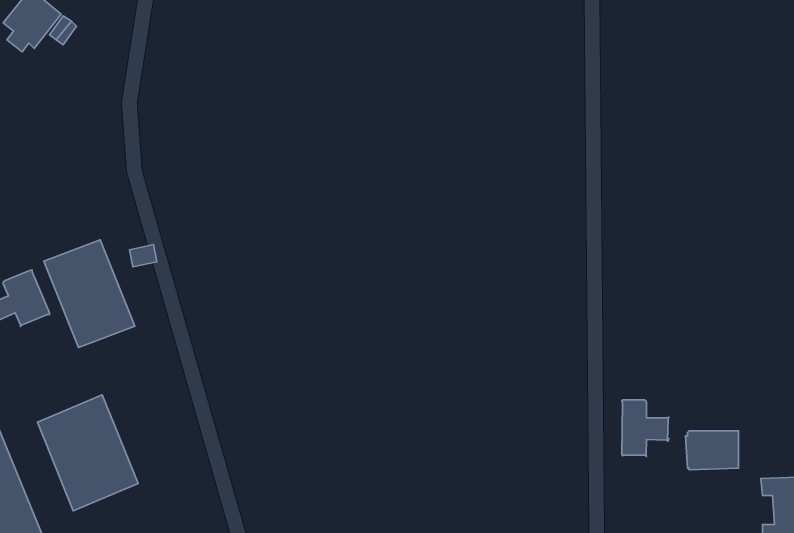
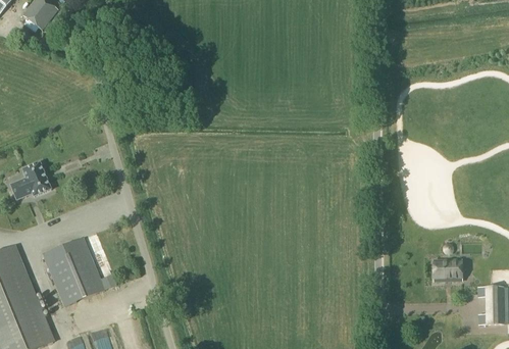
building: [44,240,135,348] -> none
building: [622,400,669,456] -> none

